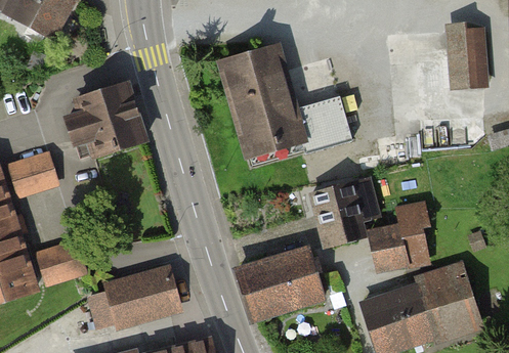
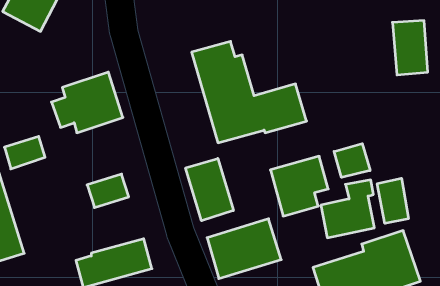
building: none -> [334,144,370,177]
building: none -> [186,158,233,221]
building: none -> [377,178,408,223]
building: [38,242,85,280] -> [87,174,129,208]

